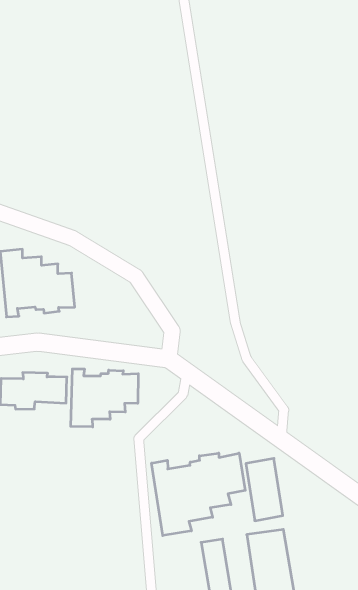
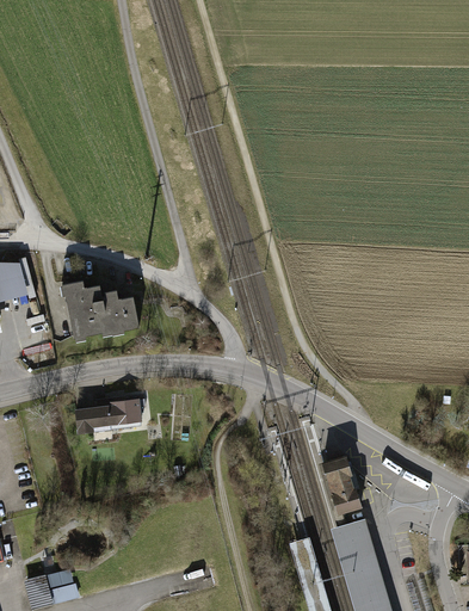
building: [71,369,138,427] -> none
building: [152,453,245,536] -> none

